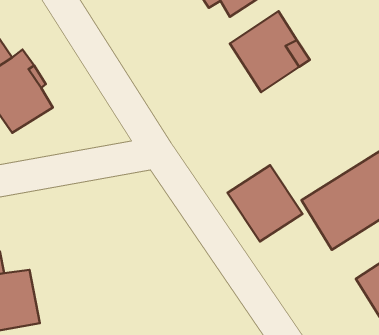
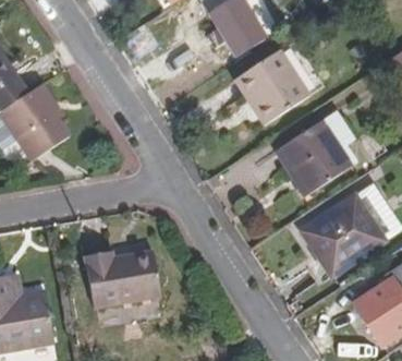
building: [227,165,303,242] -> [283,121,354,193]
building: none -> [84,253,159,310]

